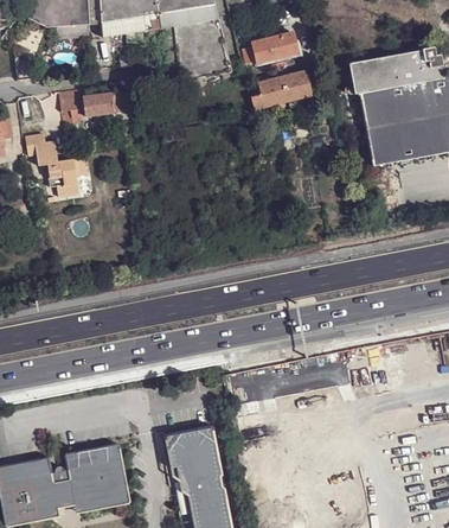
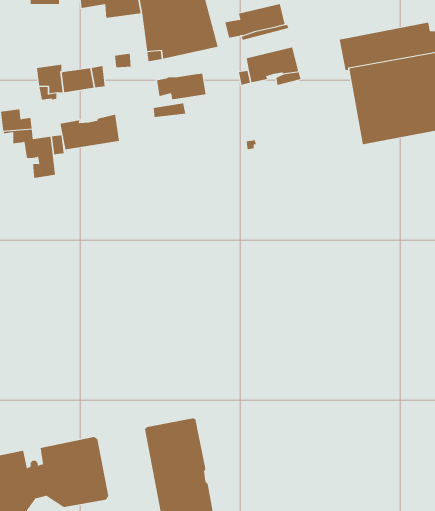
building: none -> [156,73,206,100]
building: none -> [60,114,120,150]

